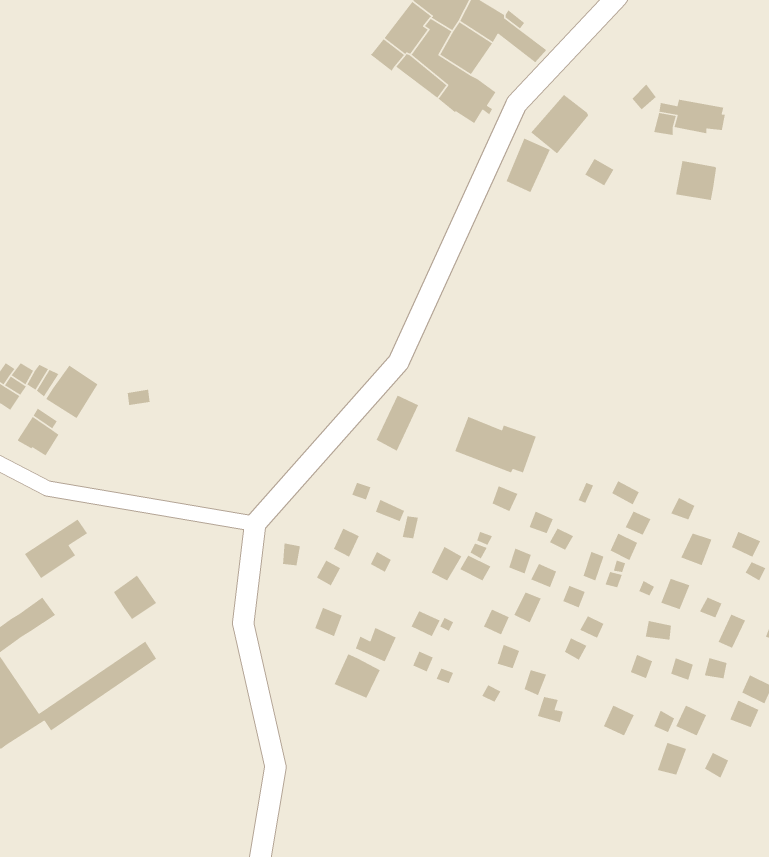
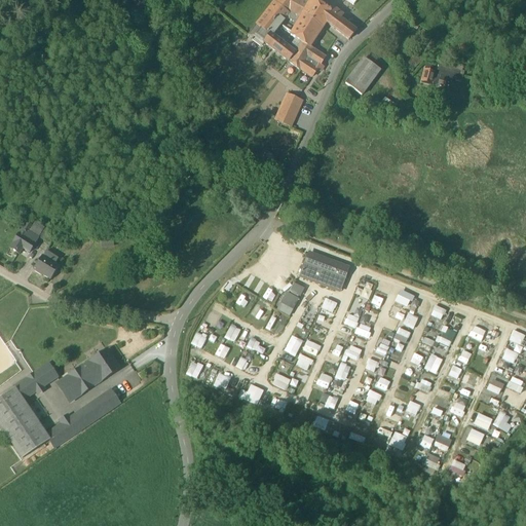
building: [505,138,551,193] -> [274,92,302,126]
building: [675,160,717,201] -> none
building: [45,365,98,419] -> none
building: [375,395,419,452] -> [278,279,305,314]
building: [24,518,88,579] -> [59,362,98,399]
building: [333,653,381,699] -> none

